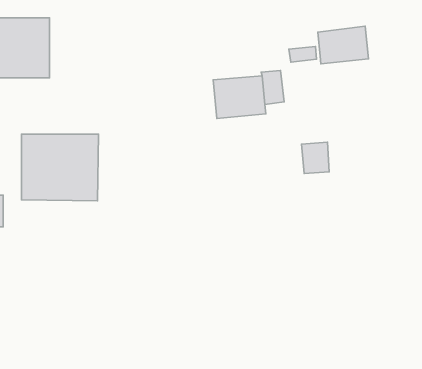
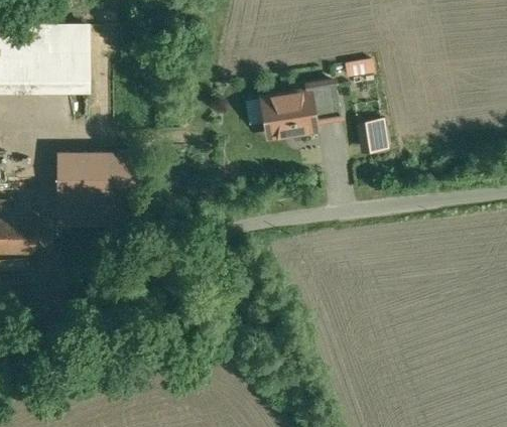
building: [318,26,368,64] -> none
building: [301,142,329,174] -> [357,117,387,151]

